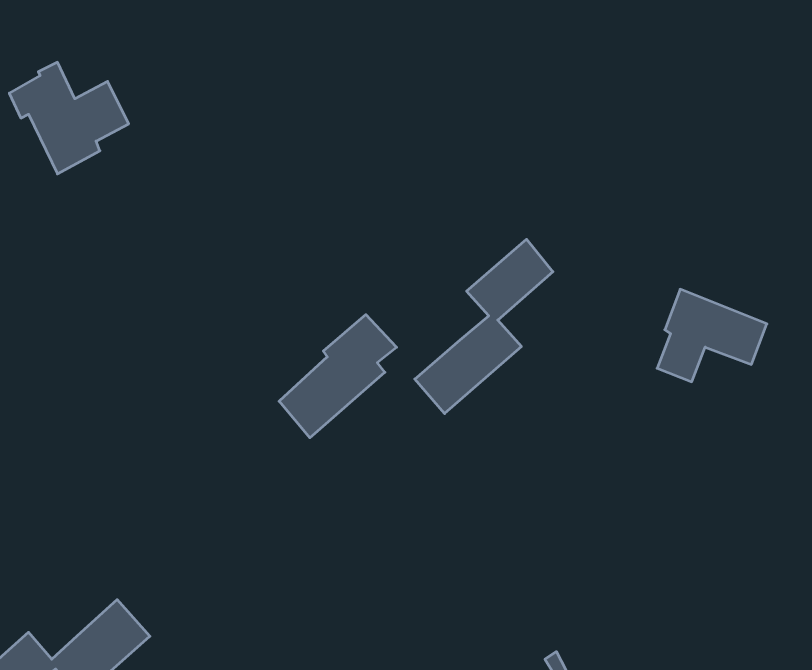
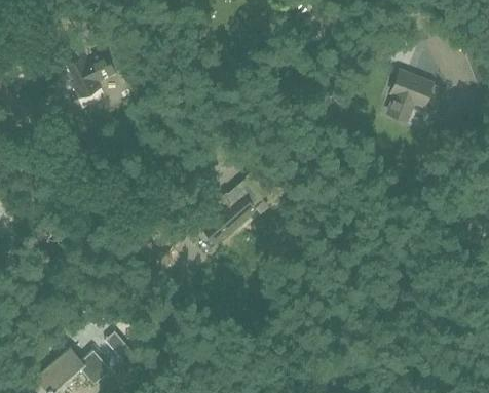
building: [415,239,553,414] -> none
building: [657,289,767,382] -> [385,72,444,121]

